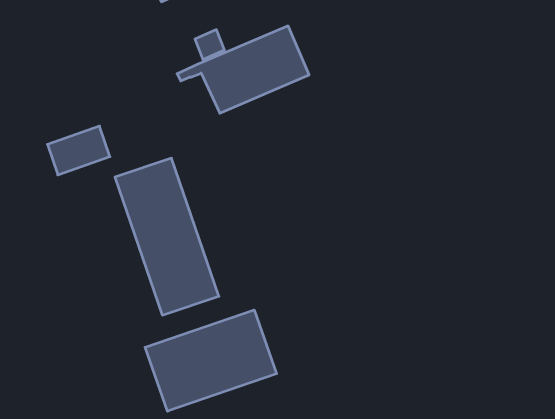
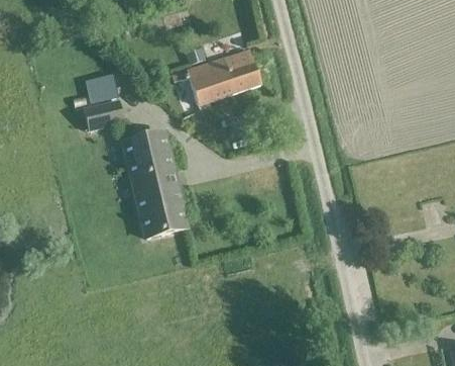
building: none -> [84,73,117,102]
building: [145,310,277,411] -> none

